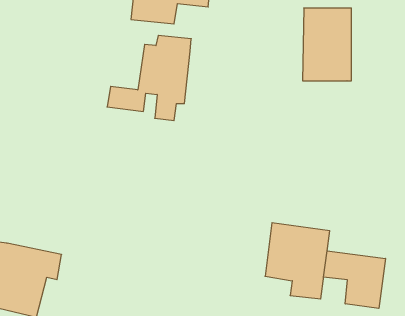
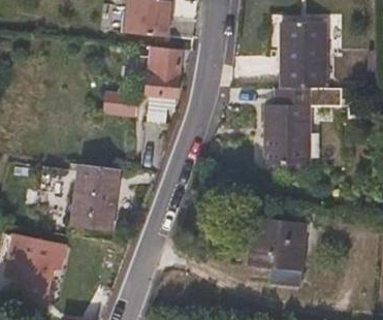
building: none -> [264,88,322,164]
building: none -> [71,164,118,229]
building: [324,251,385,308] -> none

